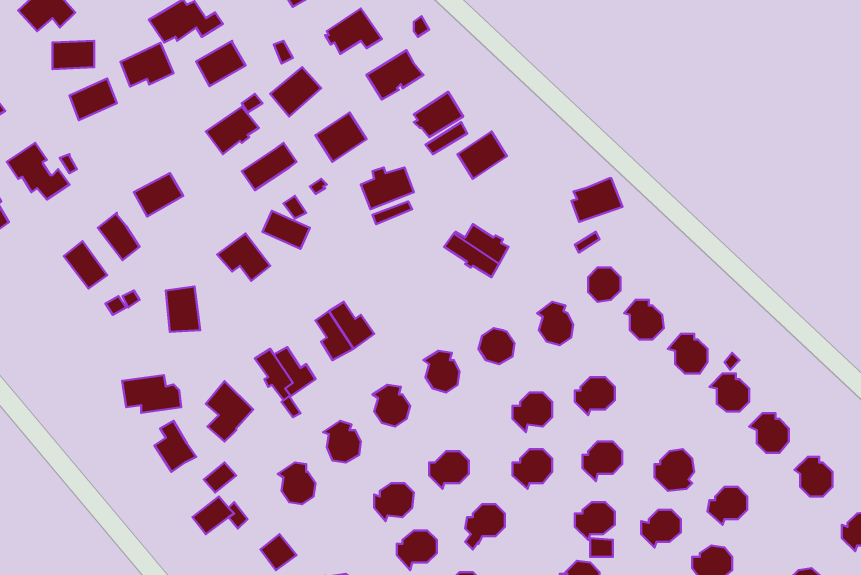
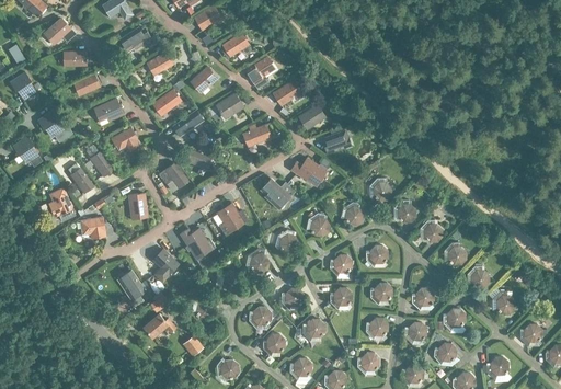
building: [121,43,174,86] -> [93,98,124,123]
building: [571,178,623,222] -> [322,129,352,155]
building: none -> [259,178,294,210]
building: none -> [47,187,76,221]
building: [122,375,181,413] -> [79,217,113,239]

